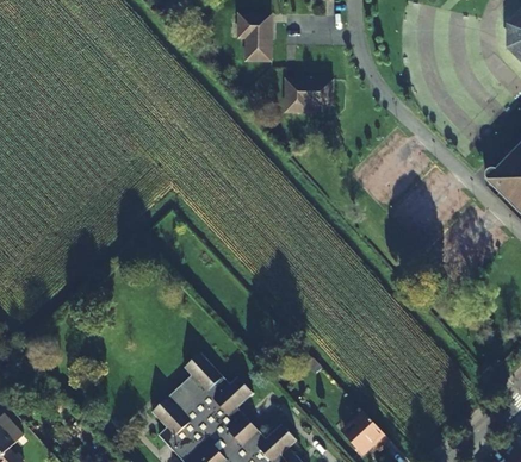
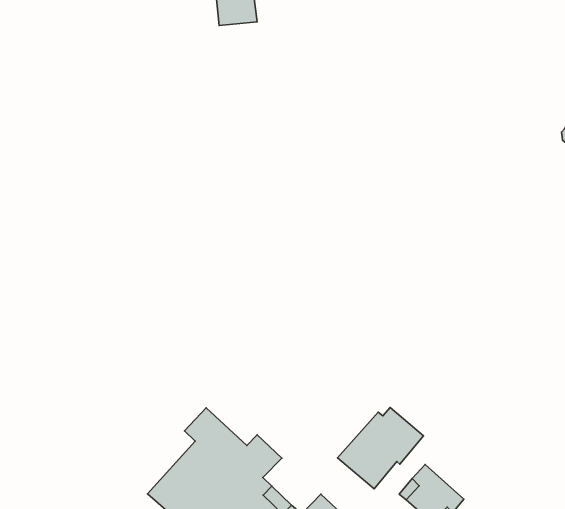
building: [284,81,330,114] -> none
building: none -> [337,407,424,489]

